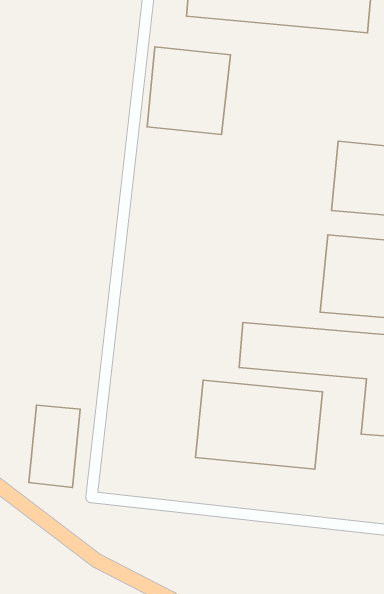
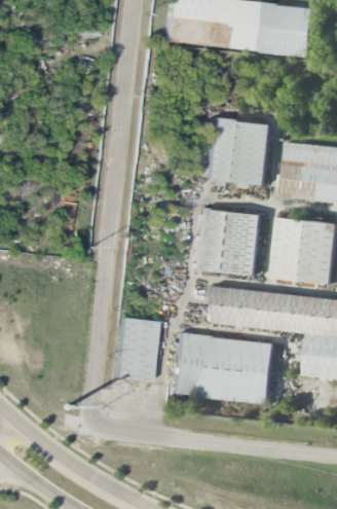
building: [147,47,231,134] -> [204,118,271,188]
building: none -> [194,208,261,276]
building: [29,405,80,488] -> [113,318,154,384]

